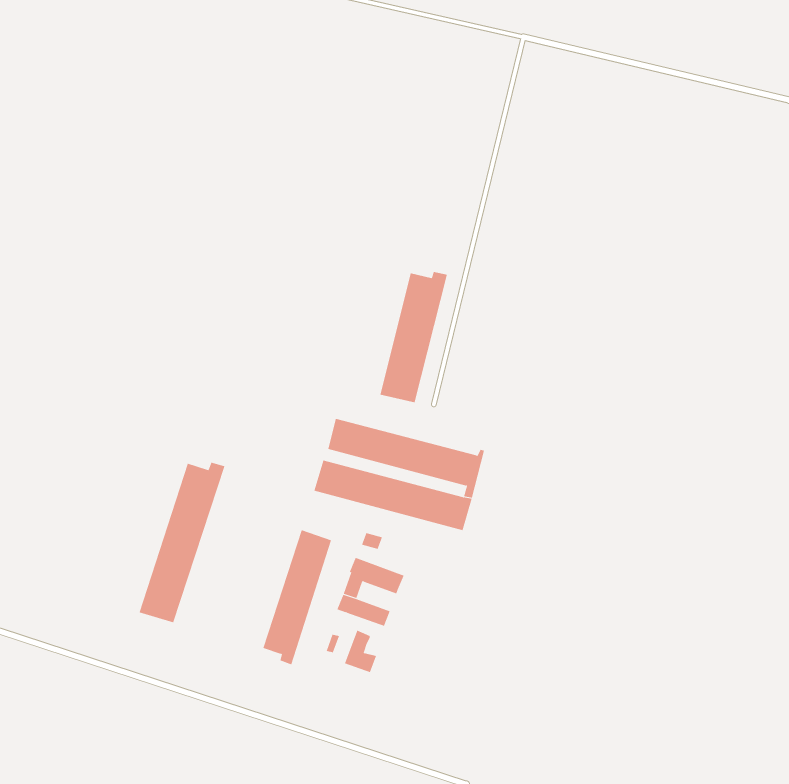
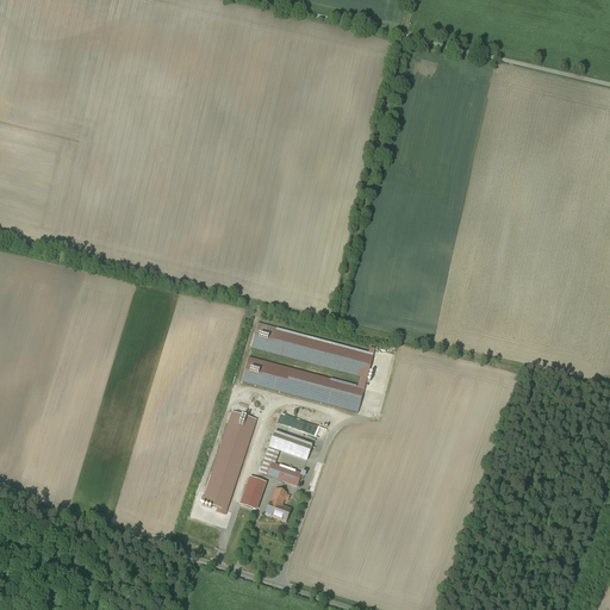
building: [380,271,447,403] -> none
building: [139,462,225,623] -> none

